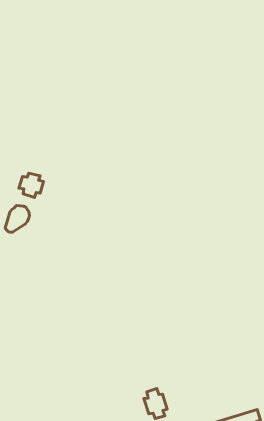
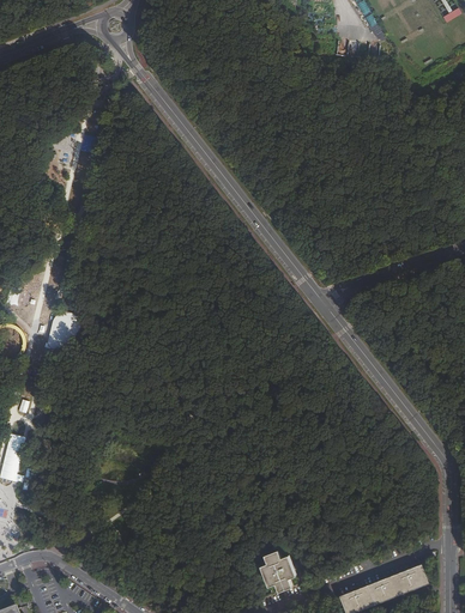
building: [19,173,43,197] -> none

